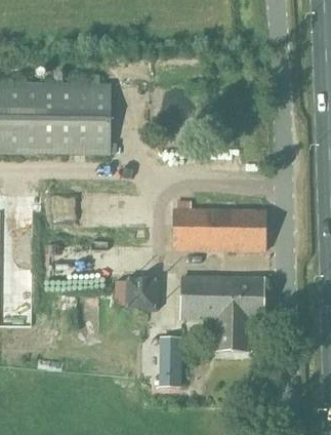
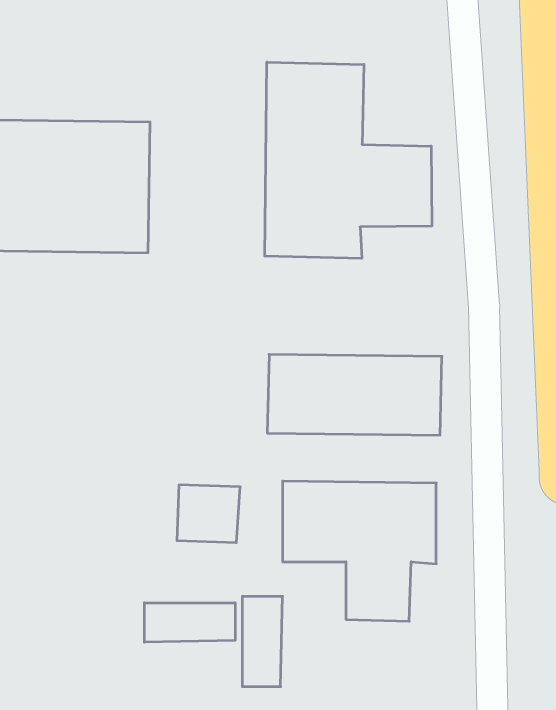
building: none -> [265,62,432,258]
building: none -> [144,603,235,642]

